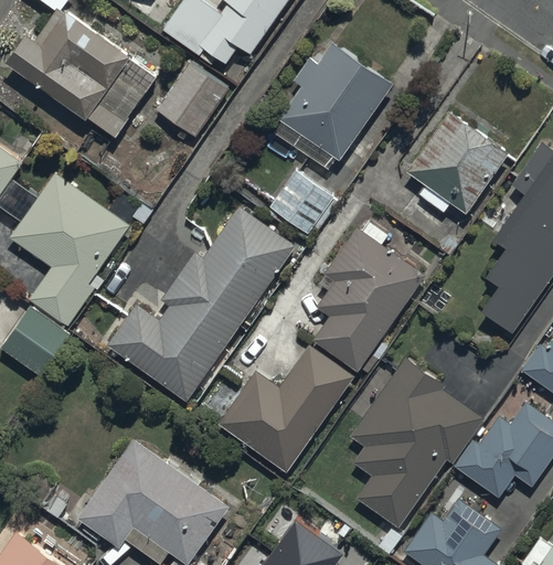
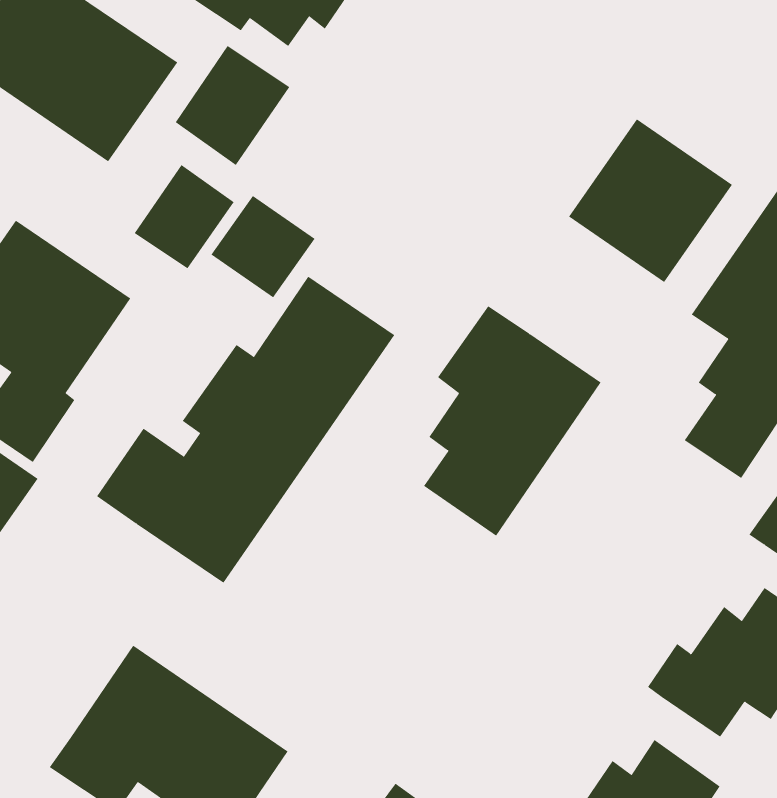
building: [277,40,390,158] -> none
building: none -> [134,164,234,269]
building: [267,170,333,235] -> [211,195,316,298]
building: [219,345,354,475] -> none
building: [349,353,483,530] -> none

